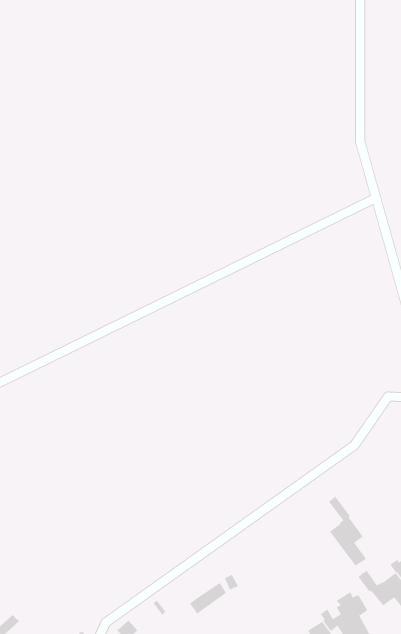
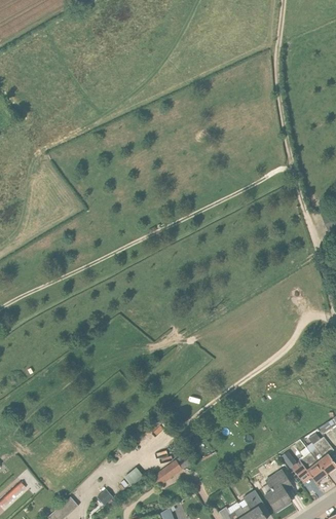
building: [328,496,367,566] -> none

